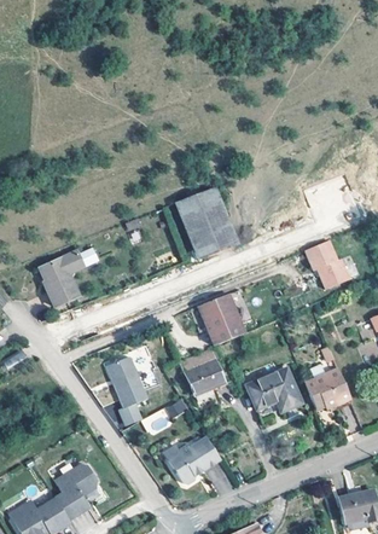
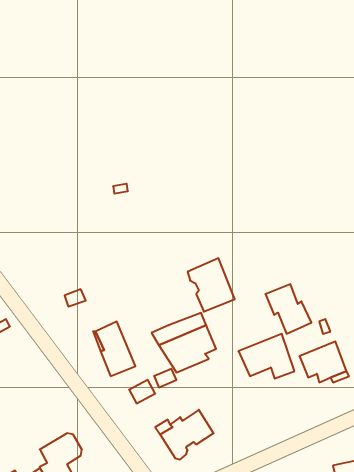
building: [175,188,239,261] -> none
building: [304,242,349,290] -> [265,284,311,334]
building: [40,250,85,306] -> none

